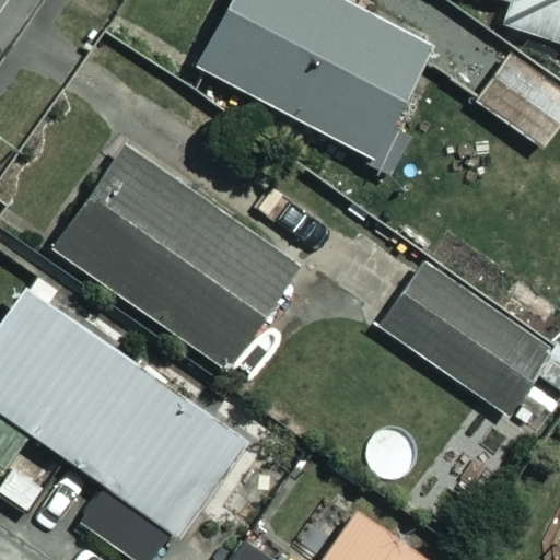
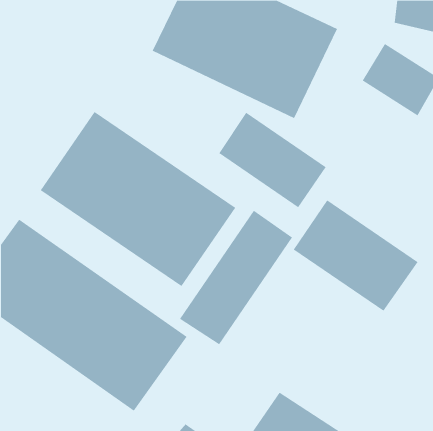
building: none -> [219,112,327,208]
building: none -> [179,210,293,345]

